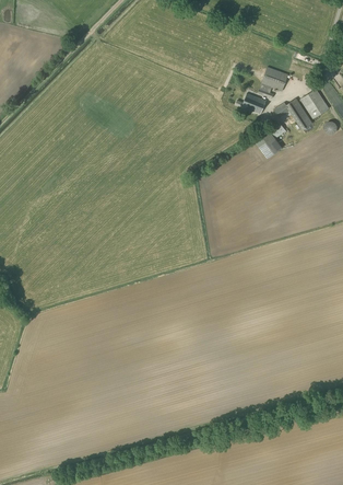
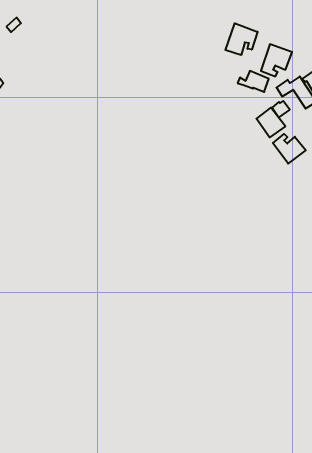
building: none -> [225,23,258,55]
building: none -> [273,134,306,164]

